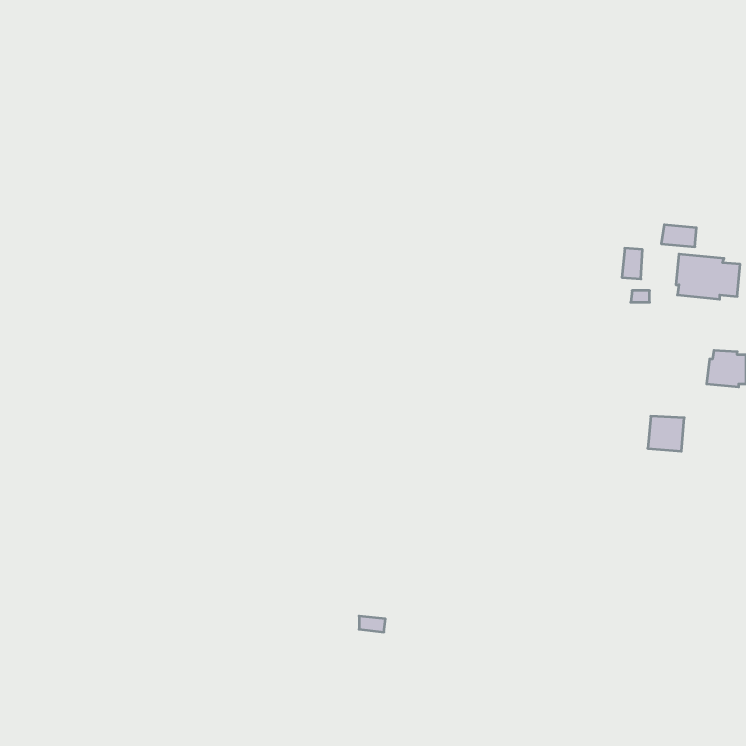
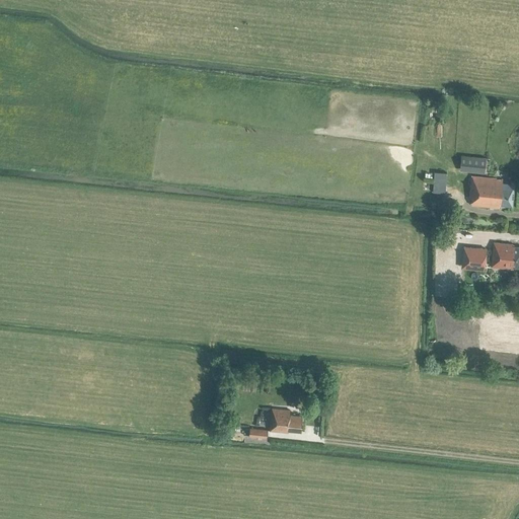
building: [648,416,684,451] -> [461,247,487,272]
building: none -> [270,409,302,432]

